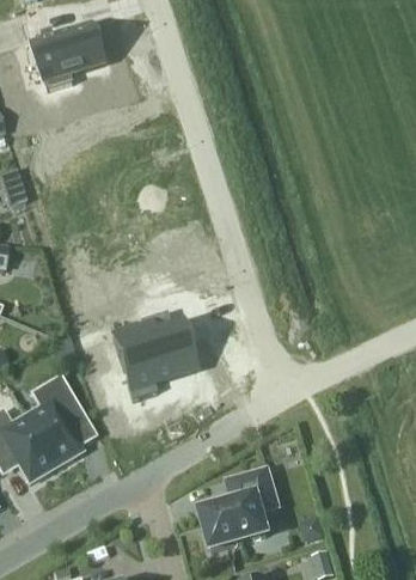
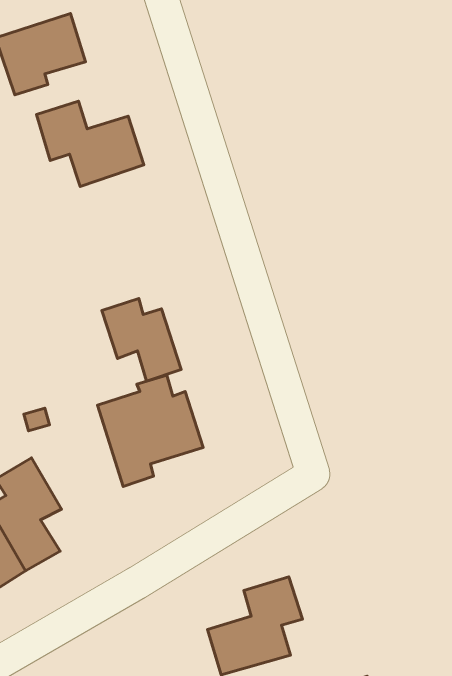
building: none -> [36,101,144,187]
building: none -> [102,299,181,381]

